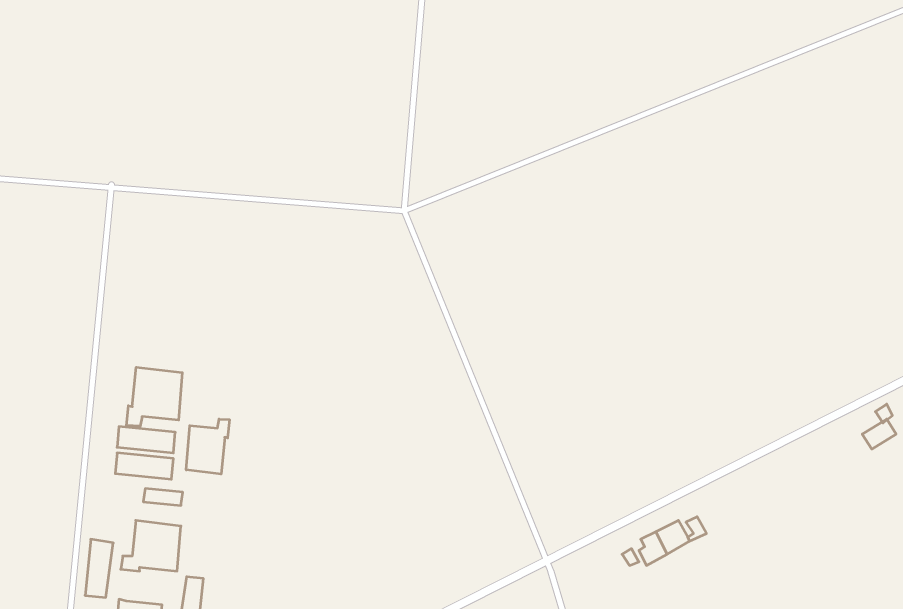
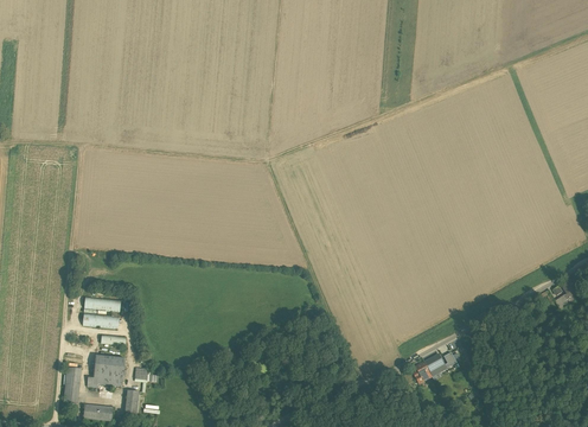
building: [127,367,182,426] -> none
building: [186,419,229,474] -> none

